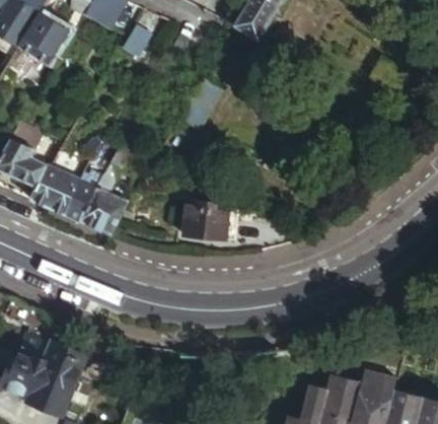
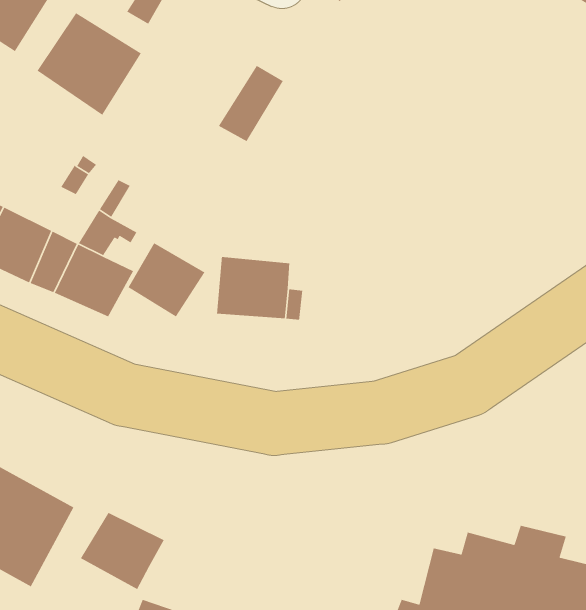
building: none -> [36,12,142,116]
building: none -> [128,242,206,318]
building: none -> [80,512,165,590]

